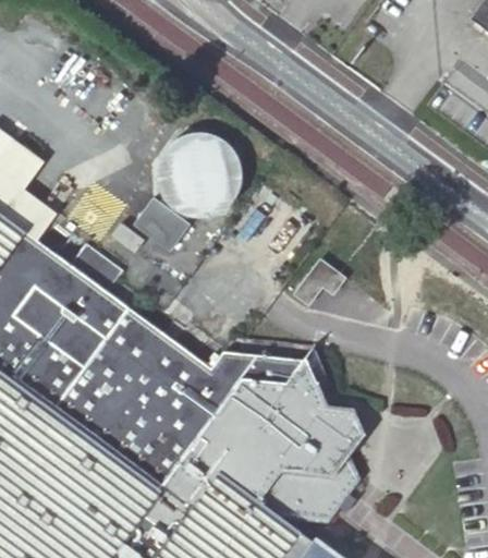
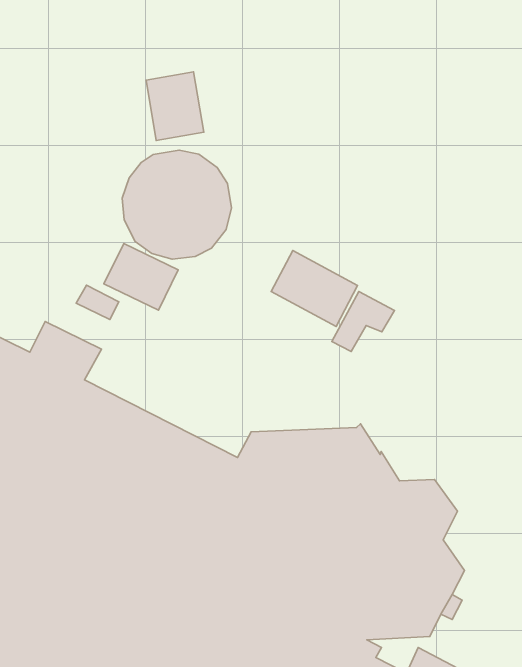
building: none -> [146,72,204,140]
building: none -> [271,250,358,327]

